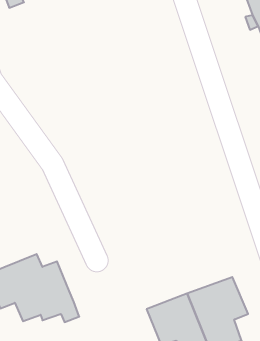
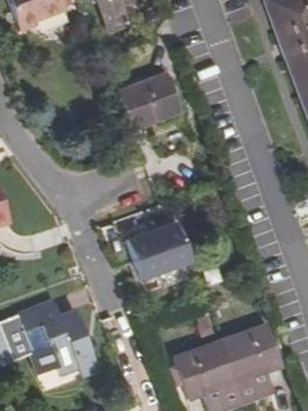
building: none -> [118,72,179,129]
building: none -> [125,215,194,277]

